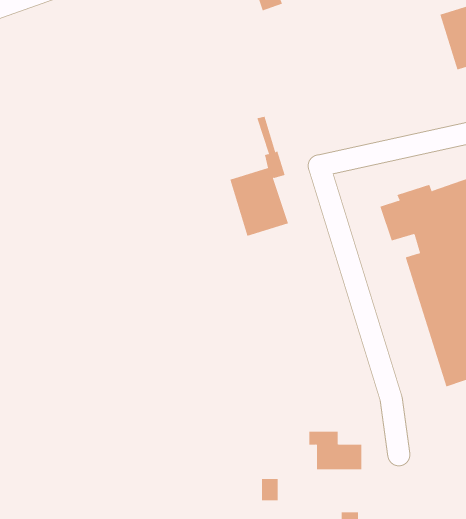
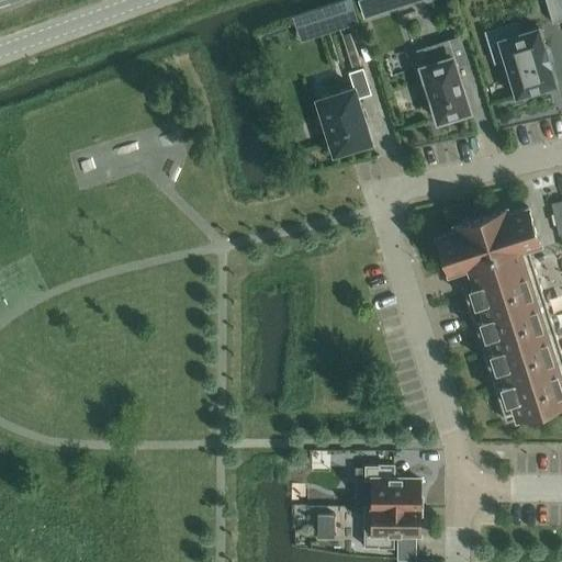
building: none -> [420,37,470,122]
building: [230,116,289,236] -> [314,34,374,157]
building: none -> [363,506,419,548]

